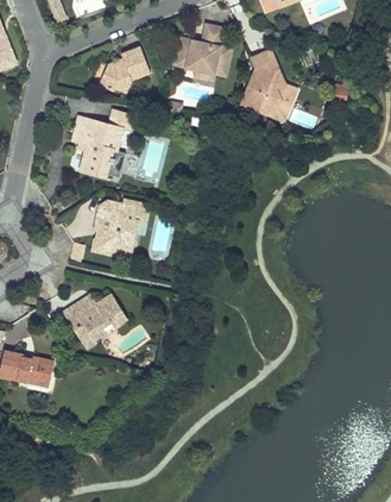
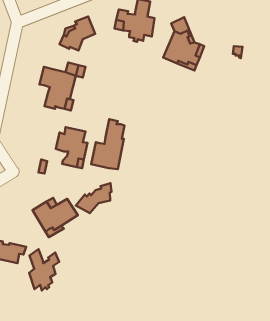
building: none -> [91,119,125,169]
building: none -> [76,183,112,213]
building: none -> [29,249,59,290]

